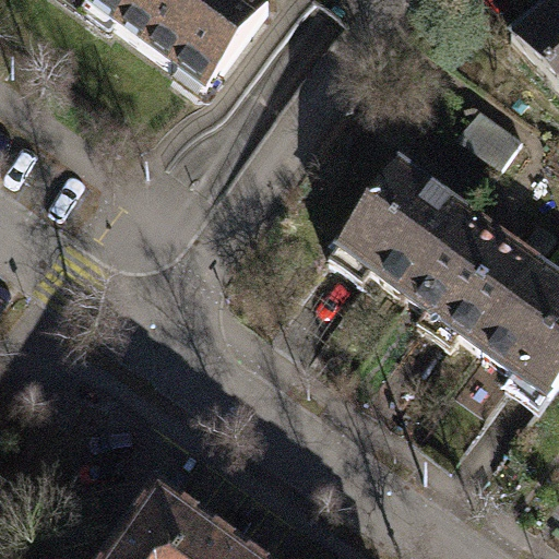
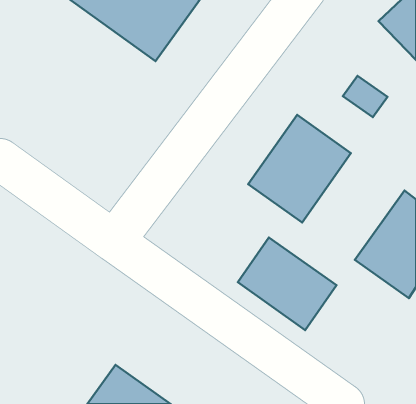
building: [405,205,543,348] -> none
building: none -> [238,238,337,330]

